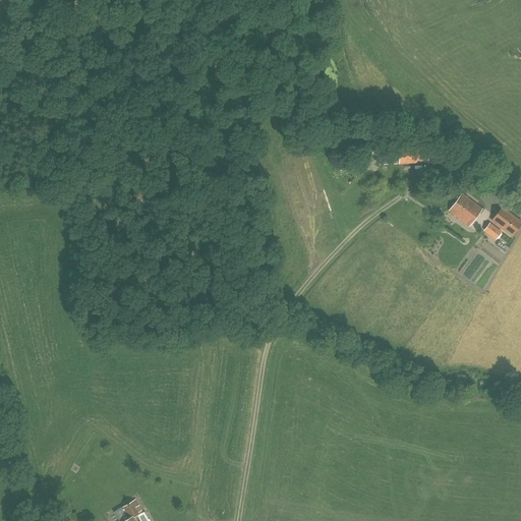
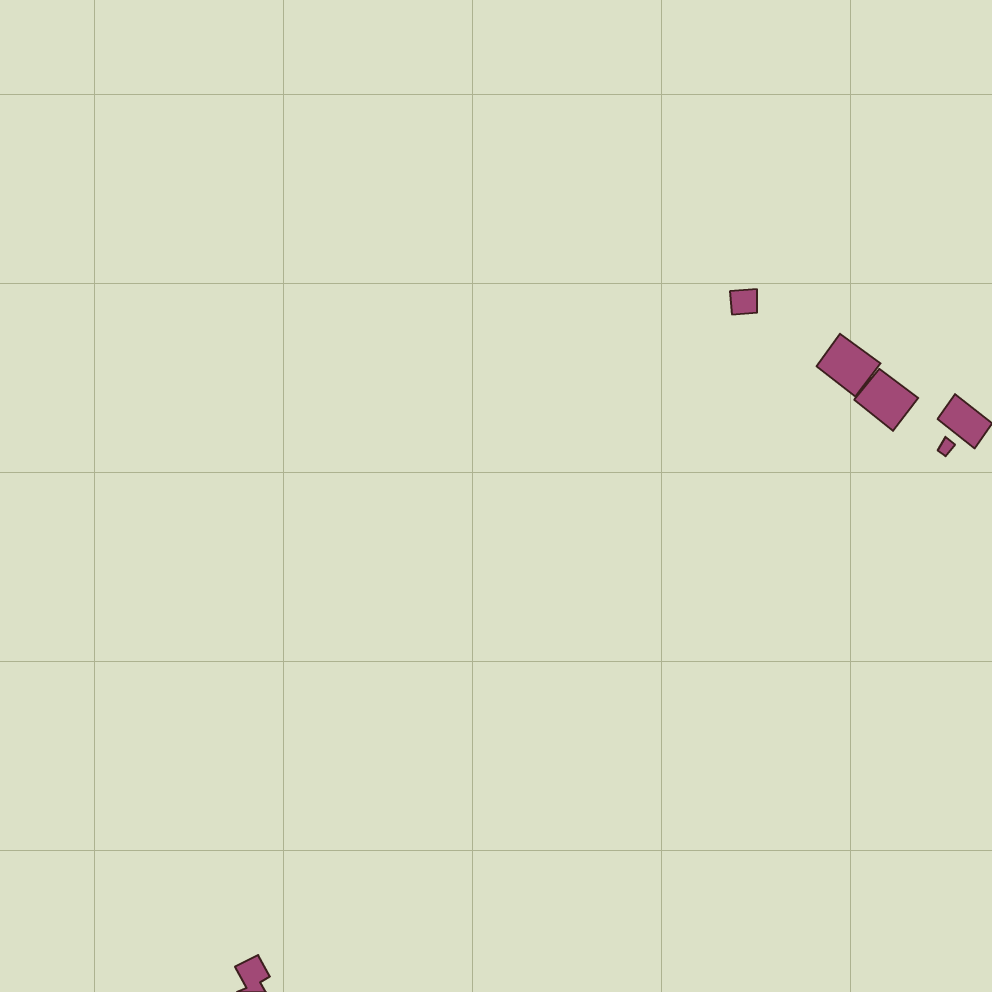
building: none -> [817,334,881,396]

